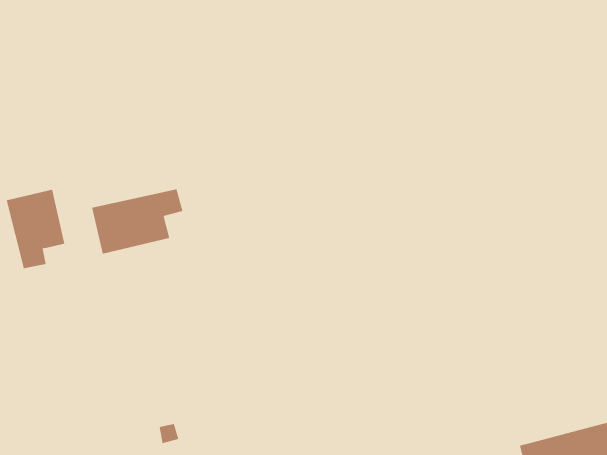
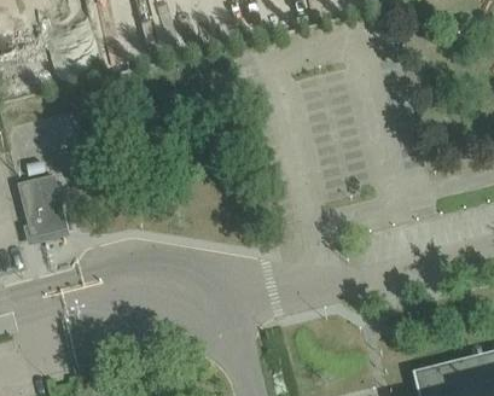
building: [91,188,183,254] -> none

